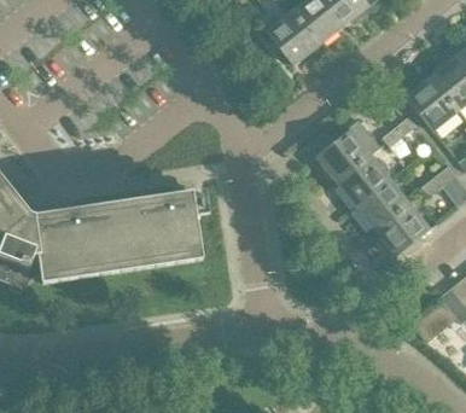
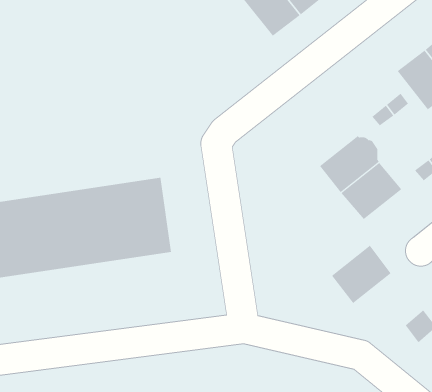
building: [316,118,383,181] -> none
building: [375,202,430,255] -> [331,245,392,304]

